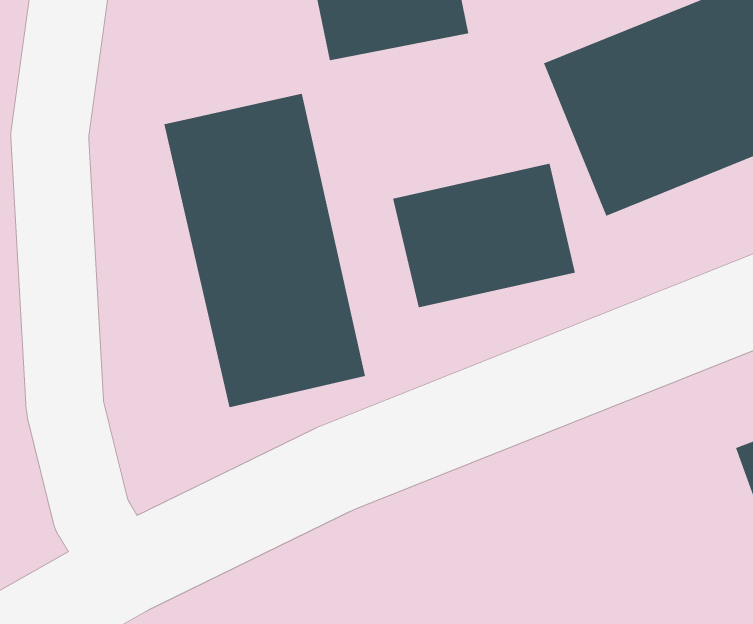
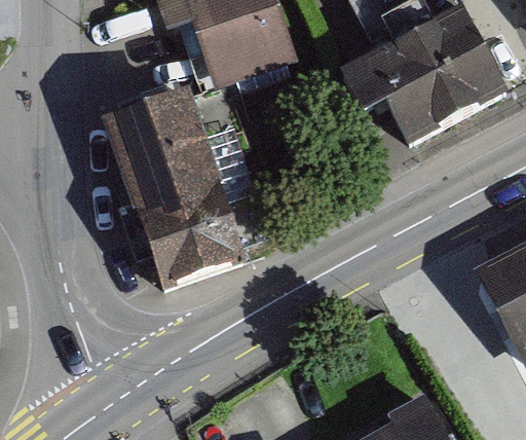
building: [393,163,576,308] -> none

